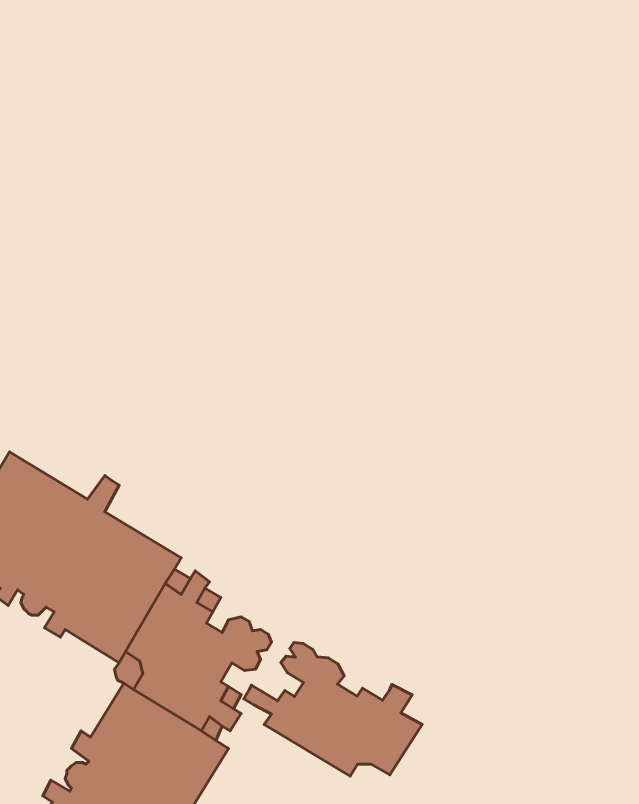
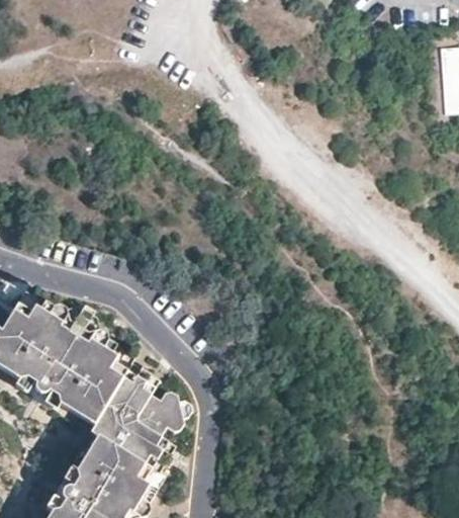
building: [244,642,422,776] -> none

